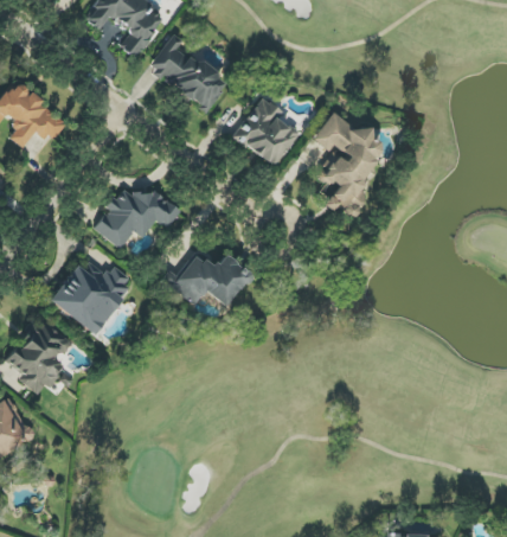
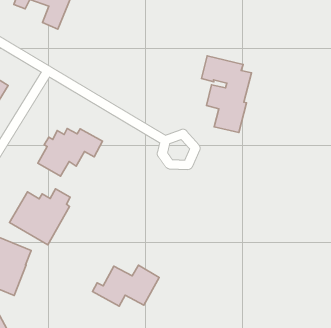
building: [147,33,225,111] -> none
building: [232,97,299,167] -> none
building: [162,252,250,307] -> [93,265,159,306]

